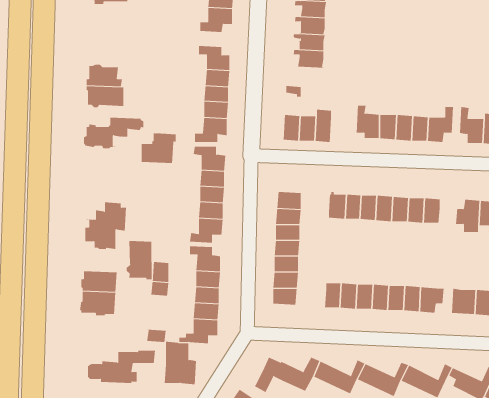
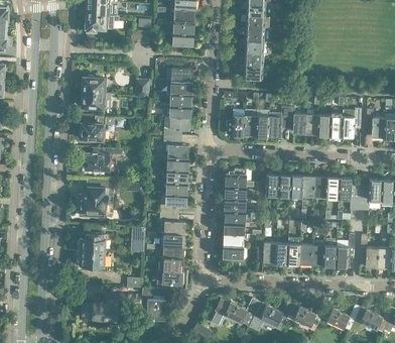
building: none -> [267,108,287,136]
building: [141,133,177,163] -> [85,148,112,172]
building: [126,240,152,280] -> none

